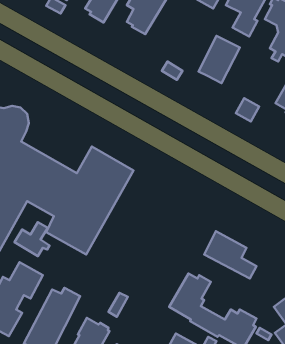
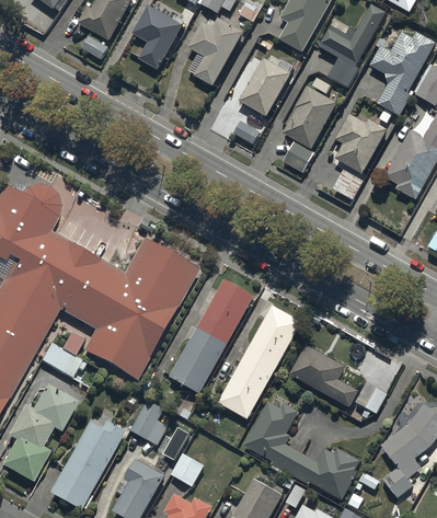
building: none -> [239,58,292,117]
building: none -> [335,114,387,174]
building: none -> [283,140,314,172]
building: none -> [169,280,253,393]
building: none -> [217,307,301,419]
building: none -> [355,382,387,414]
building: none -> [129,401,168,445]
building: none -> [170,452,204,486]

